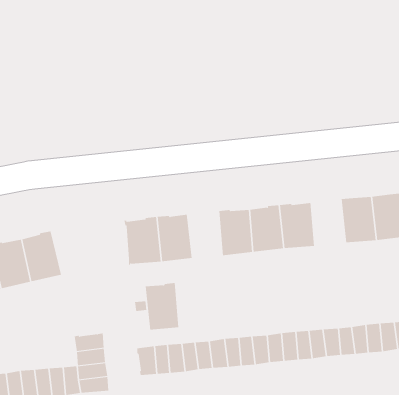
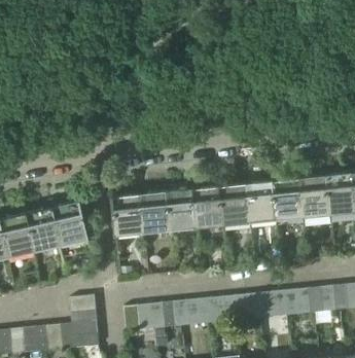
building: none -> [274,178,304,219]
building: none -> [48,200,84,244]
building: [145,283,179,330] -> [167,188,197,229]

